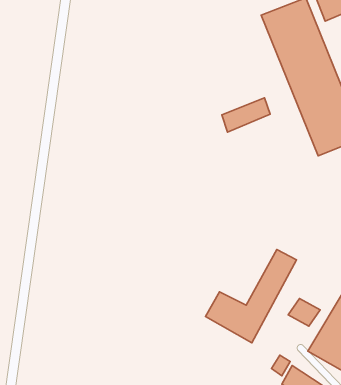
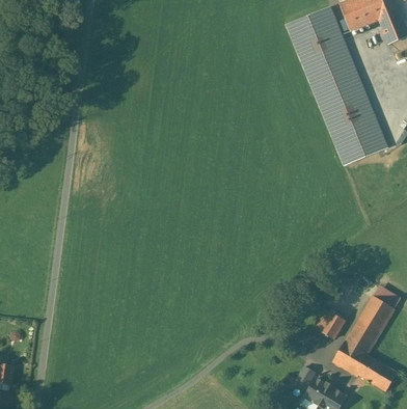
building: [222,98,270,132] -> none
building: [205,249,297,343] -> none

